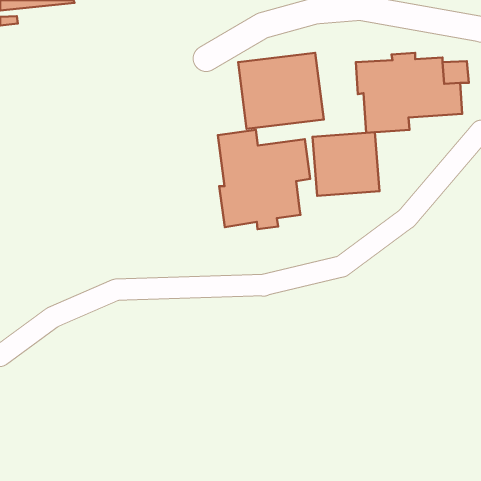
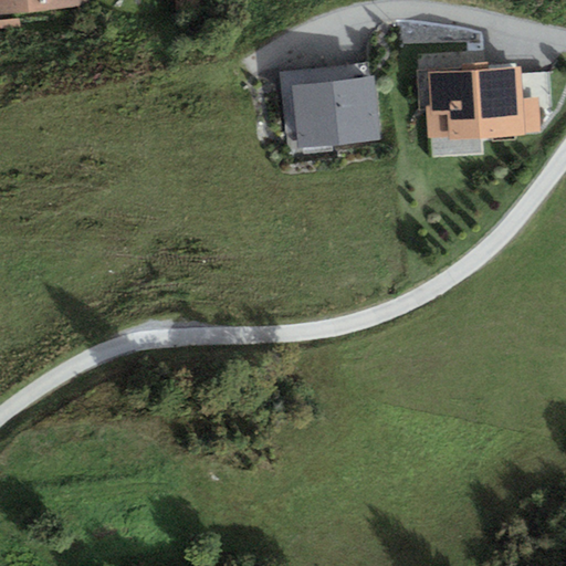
building: [218,130,310,229] -> none
building: [312,132,380,196] -> none

